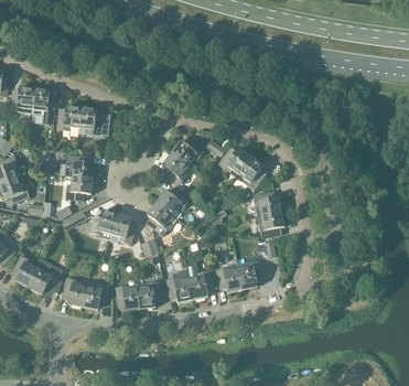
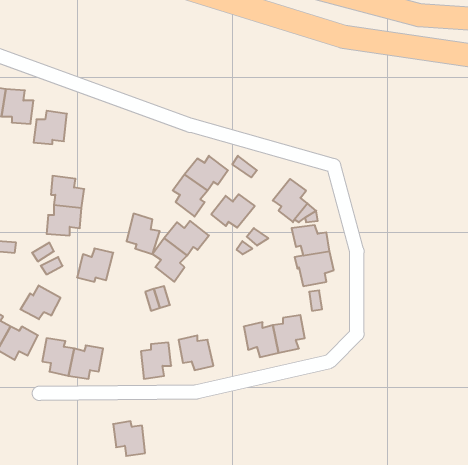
building: [79,107,103,133] -> none
building: [218,148,251,173] -> [211,194,255,228]
building: [111,213,137,244] -> [126,214,160,254]
building: none -> [20,285,60,319]
building: [186,264,213,299] -> none
building: [116,285,140,311] -> [113,421,145,456]

